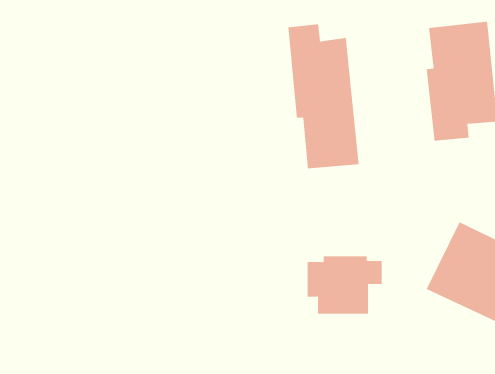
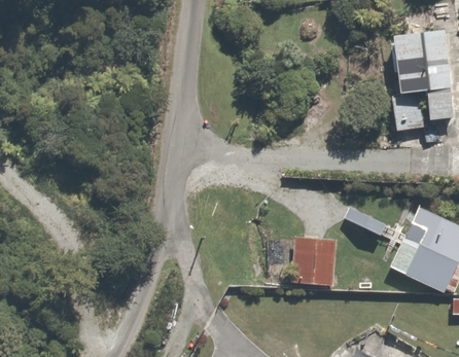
building: [288,24,359,169] -> none

